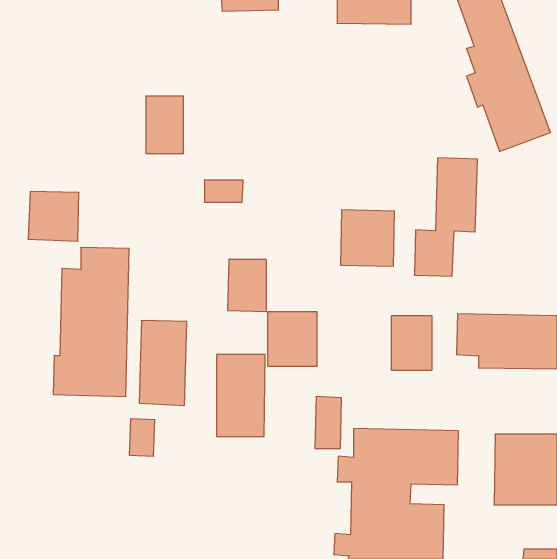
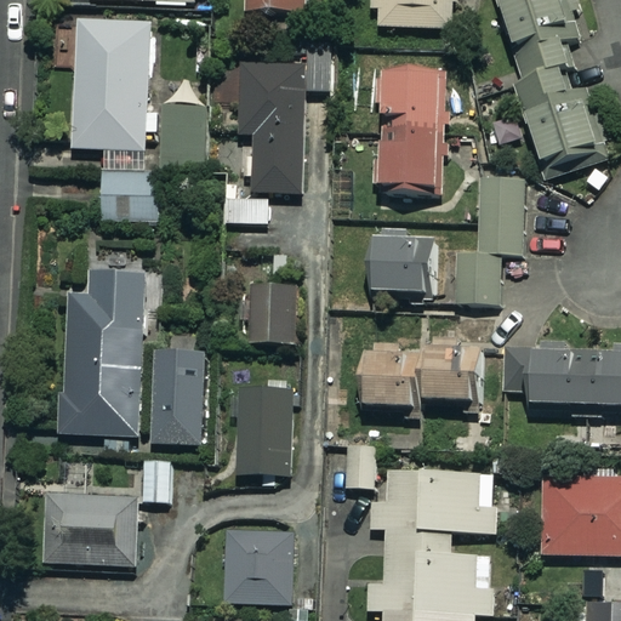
building: none -> [73,15,149,149]
building: none -> [232,64,303,193]
building: none -> [382,72,443,189]
building: [28,192,79,241] -> [99,167,155,222]
building: [268,312,317,366] -> [364,347,418,406]
building: none -> [44,492,135,564]
building: none -> [223,530,294,603]

